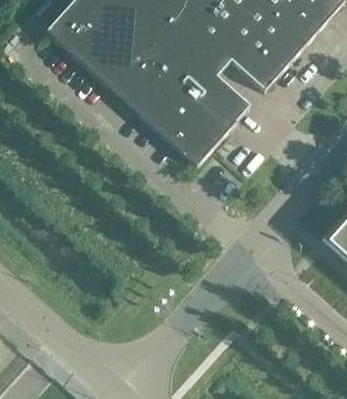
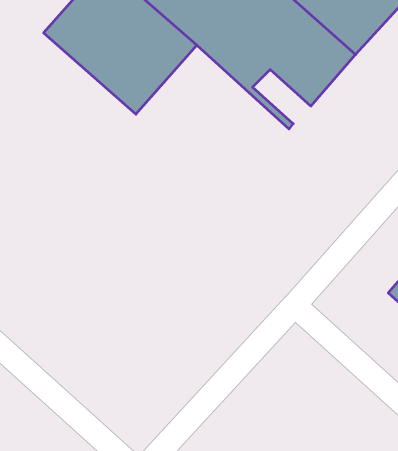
building: [120,41,245,165] -> none

